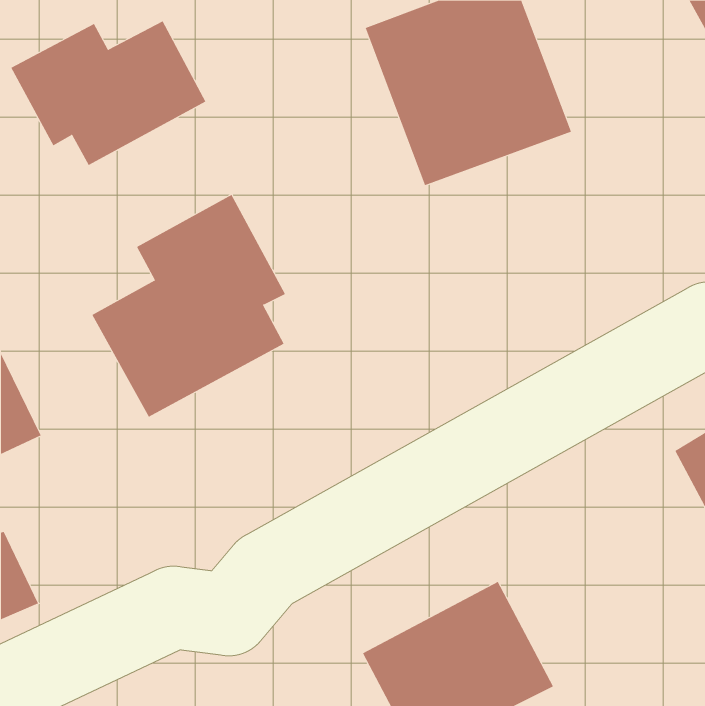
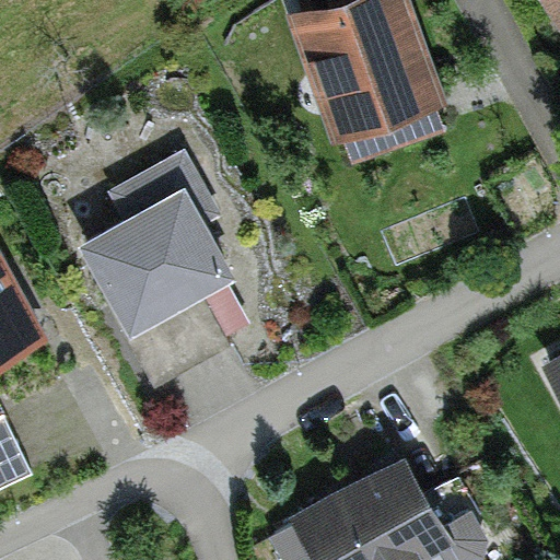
building: [11,20,206,166] -> none

